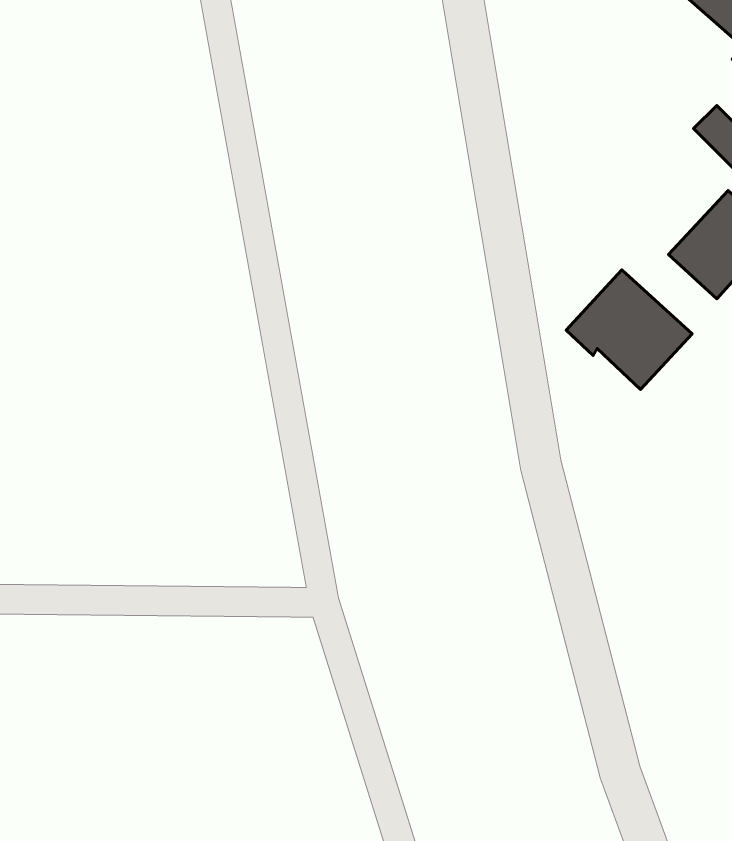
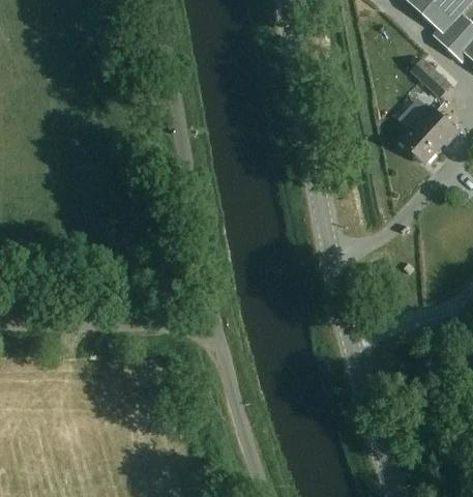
building: [566,270,692,389] -> none

